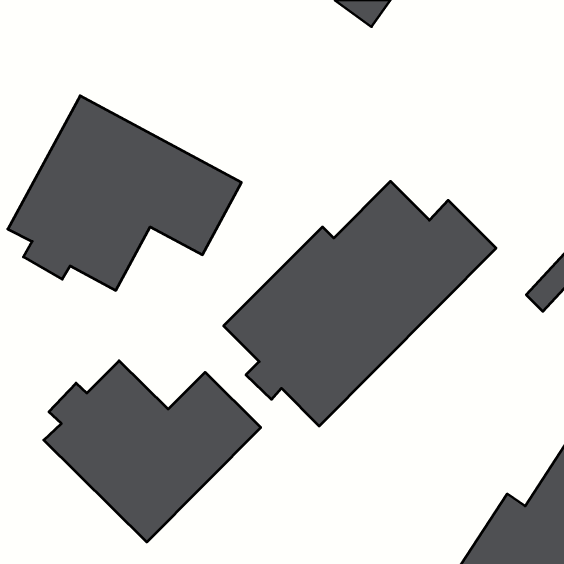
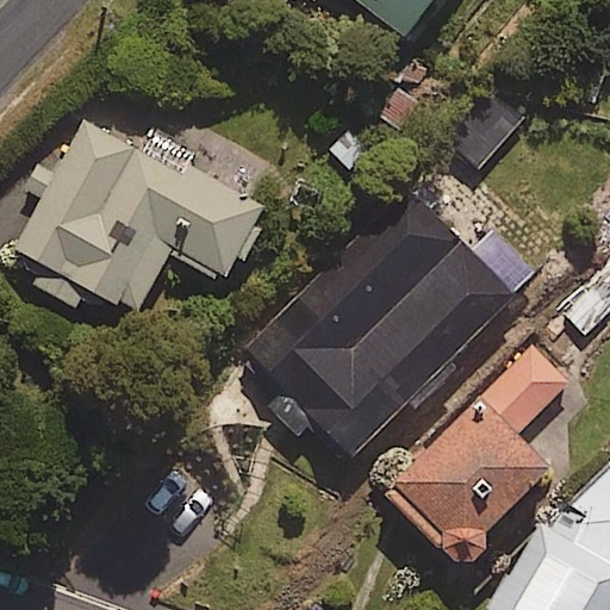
building: none -> [381,347,569,558]
building: [44,361,261,542] -> none

